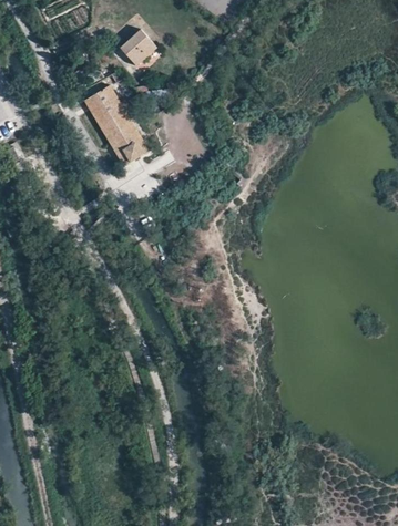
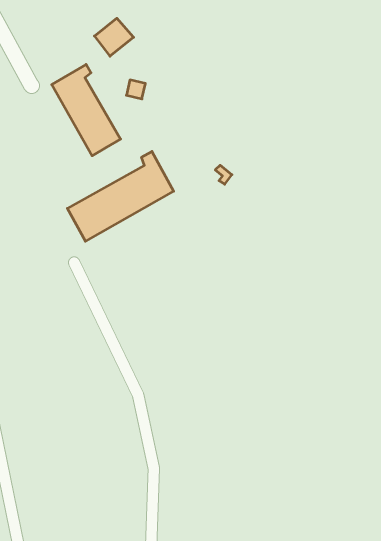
building: none -> [67,151,174,241]

